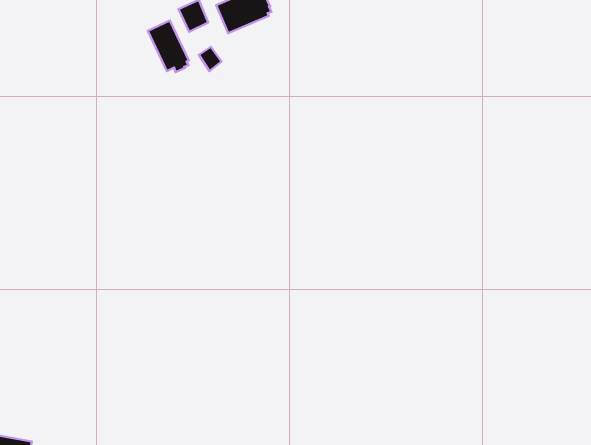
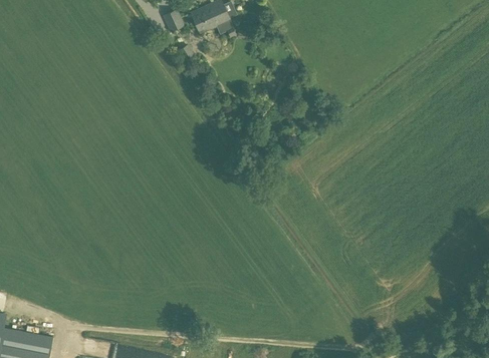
building: [148,20,189,72] -> none

